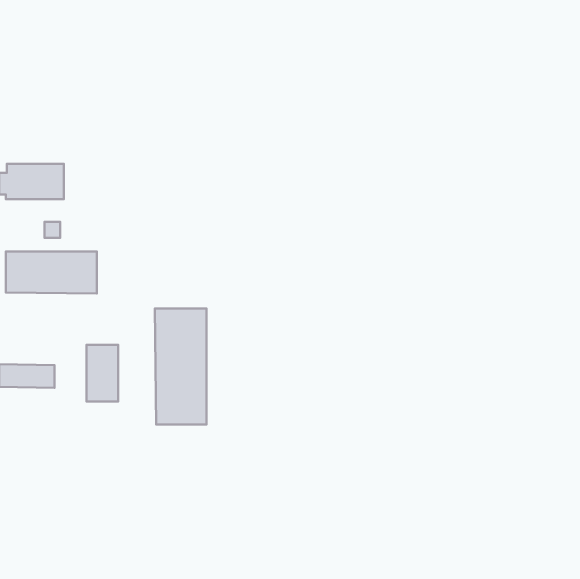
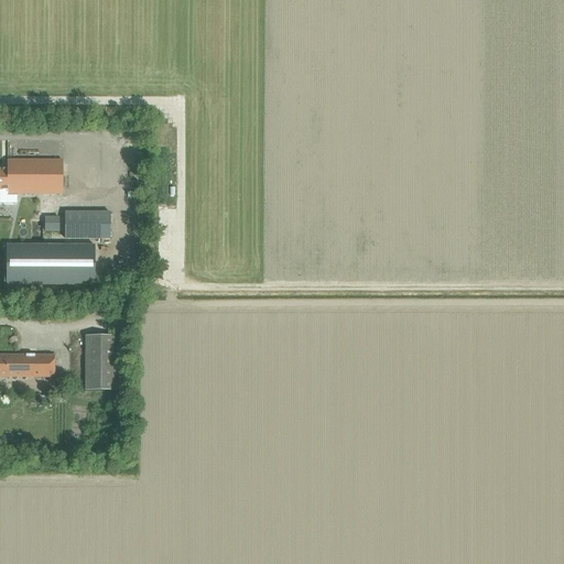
building: none -> [64,210,109,242]
building: [155,308,207,425] -> none

